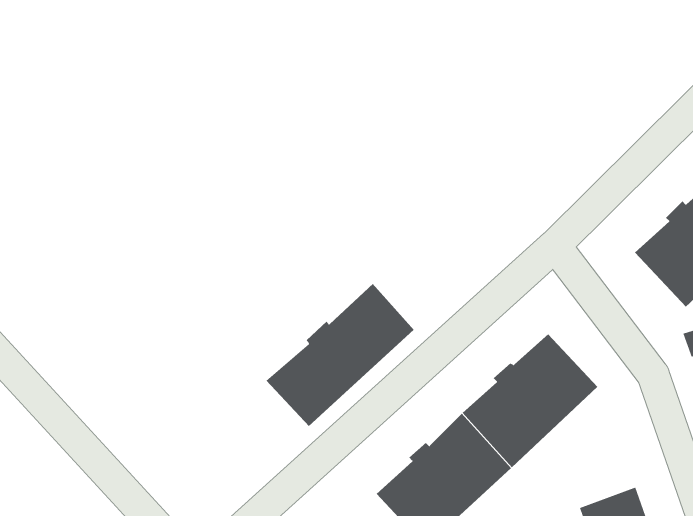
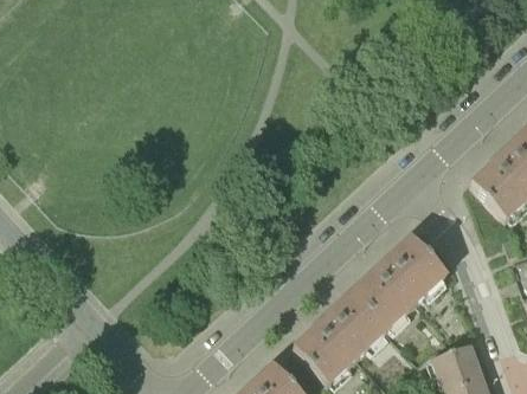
building: [266,283,415,427] -> none

